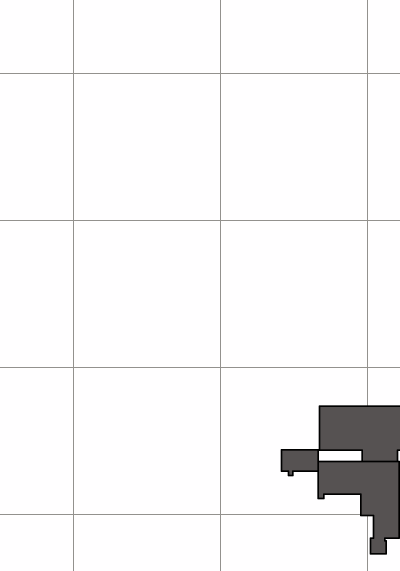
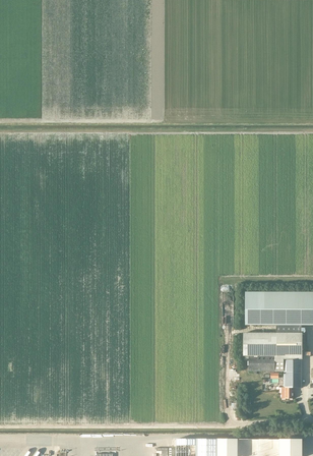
building: [281,450,318,475] -> [249,356,275,375]

